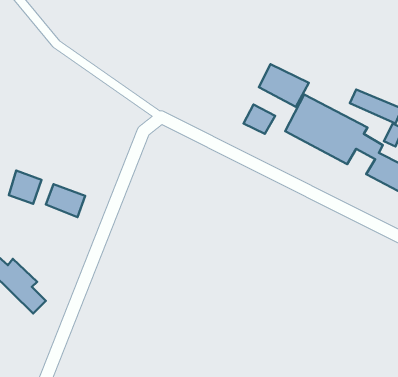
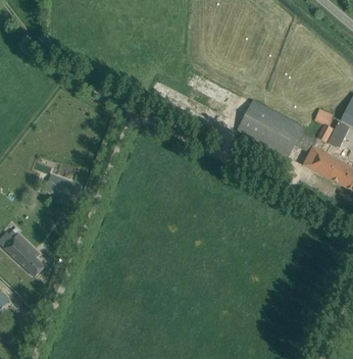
building: [259,64,309,107] -> none
building: [9,171,42,204] -> none

